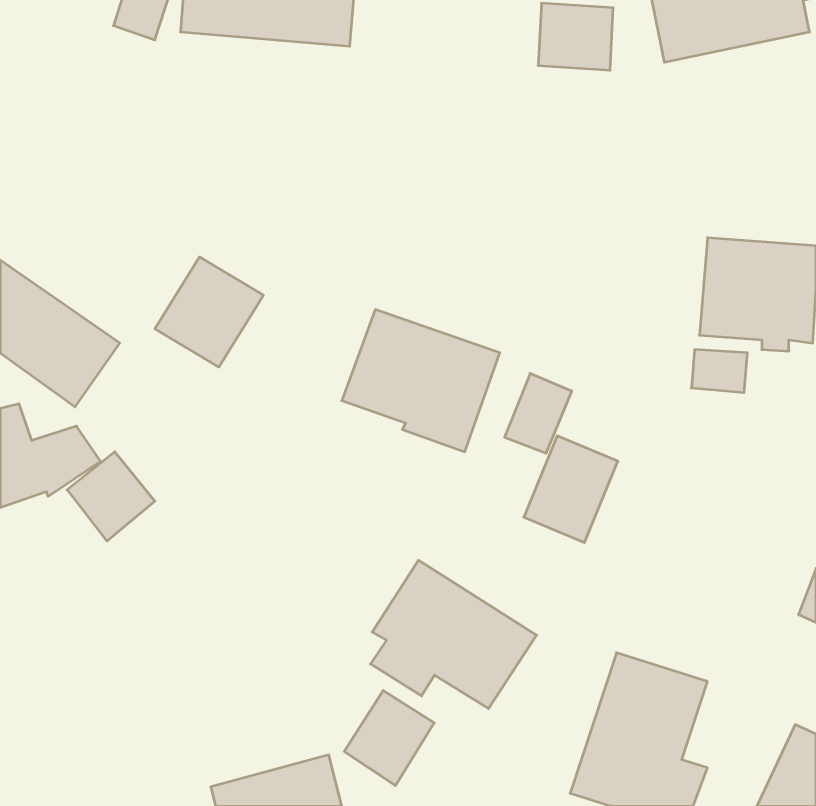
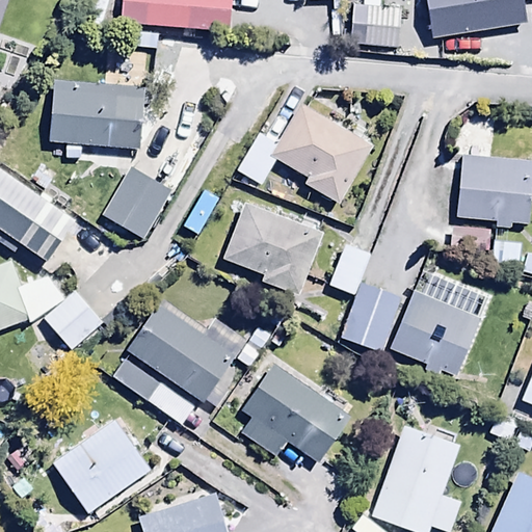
building: none -> [47,79,145,150]
building: none -> [236,105,375,206]
building: none -> [390,276,488,376]
building: none -> [112,301,246,425]
building: none -> [55,418,152,514]
building: [344,690,434,786] -> none

